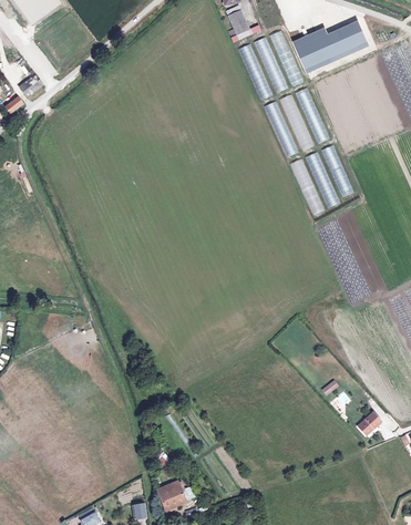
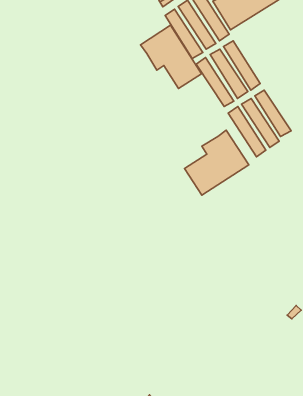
building: none -> [140,25,202,89]
building: none -> [185,130,249,195]

